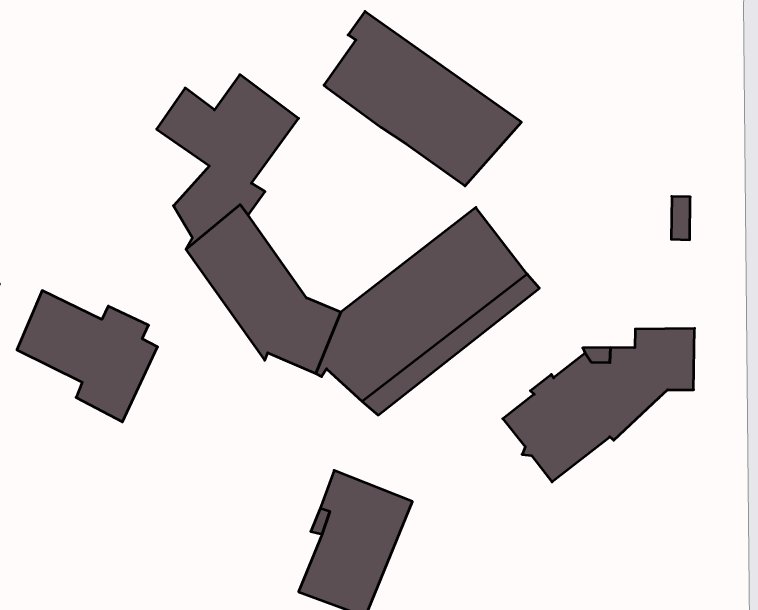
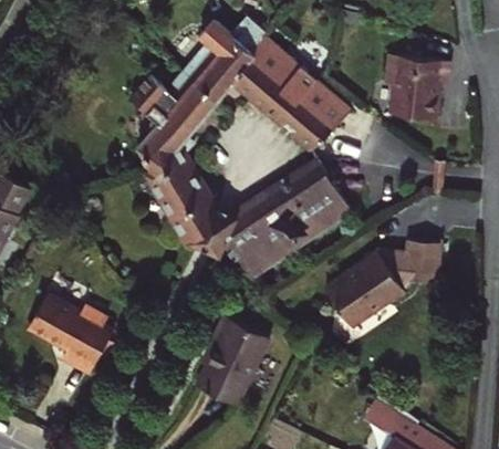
building: none -> [403,48,469,118]
building: none -> [184,39,254,100]
building: [17,291,158,422] -> [29,293,113,375]

